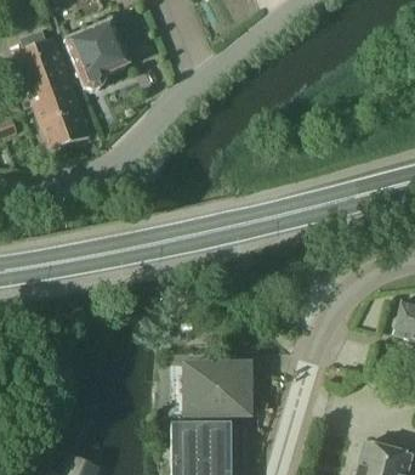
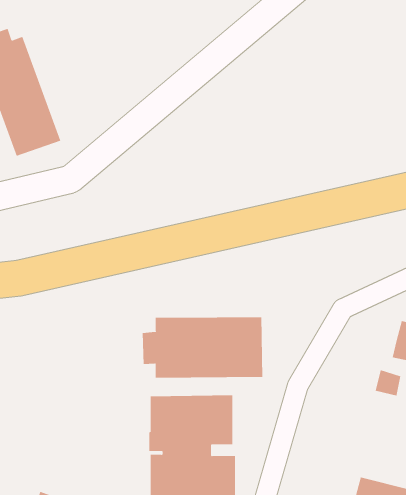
building: [64,19,129,90] -> none
building: none -> [142,316,263,379]

